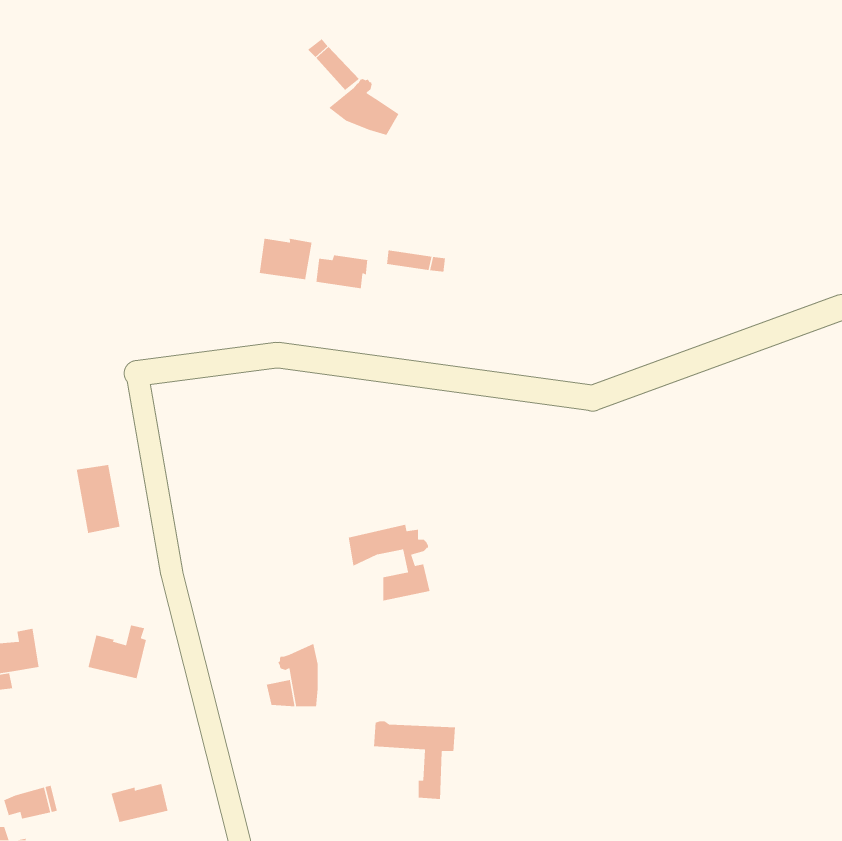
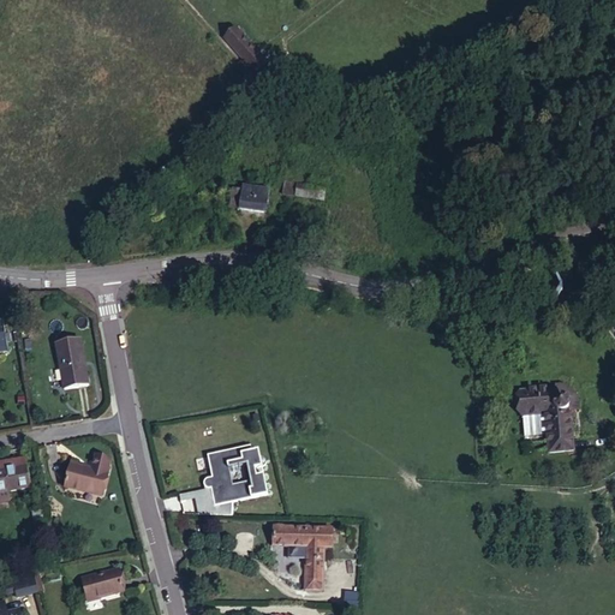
building: [328,78,399,136] -> none
building: [259,238,312,280] -> none
building: [348,524,430,602] -> [207,444,267,501]
building: none -> [520,383,578,450]

